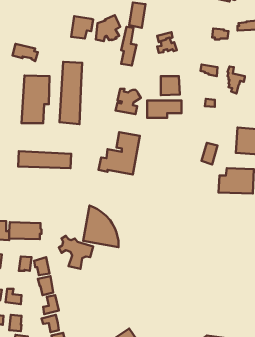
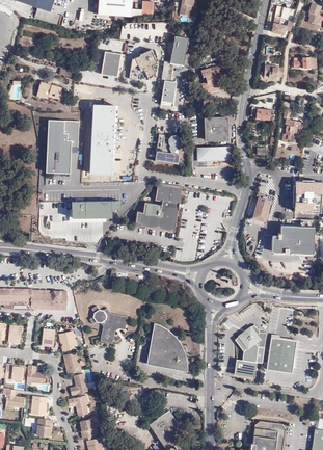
building: [83,206,118,247] -> [147,324,188,372]
building: none -> [235,324,267,379]
building: none -> [267,338,297,373]

